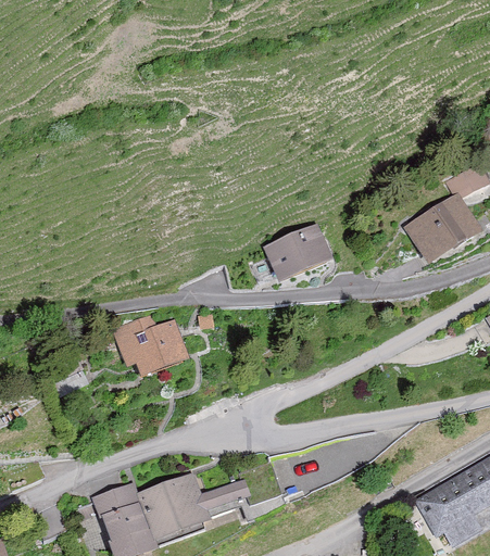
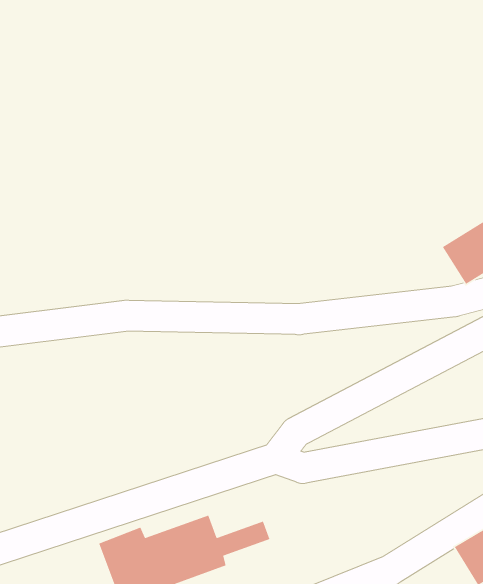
building: [264,226,331,282] -> none
building: [113,314,189,375] -> none

